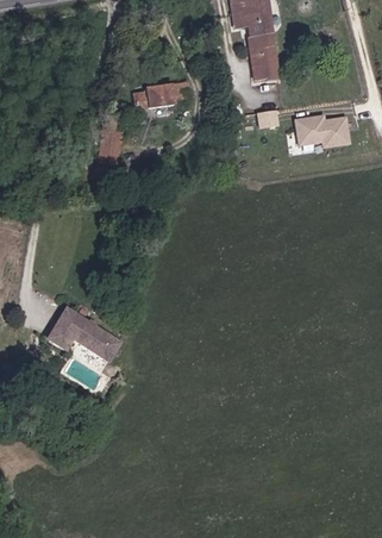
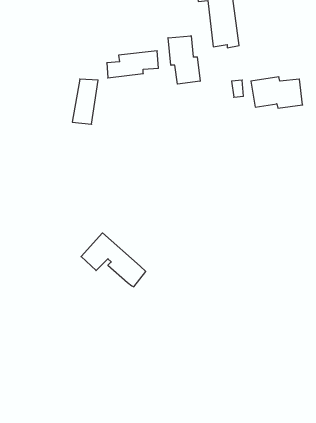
building: none -> [168,36,200,84]
building: [48,307,119,367] -> [81,233,146,287]

